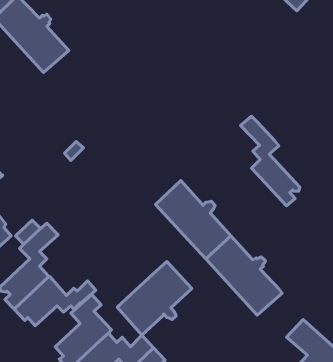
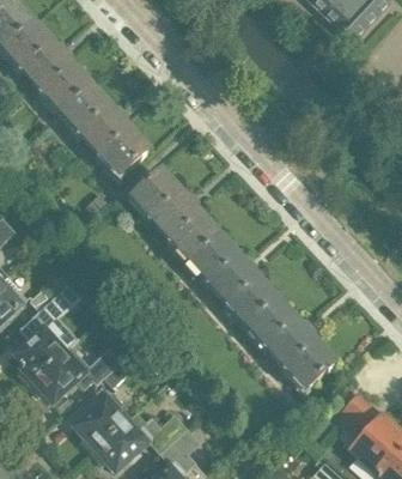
building: none -> [62,86,150,176]
building: [241,116,300,206] -> none
building: none -> [132,171,219,262]
building: [117,262,192,335] -> none

